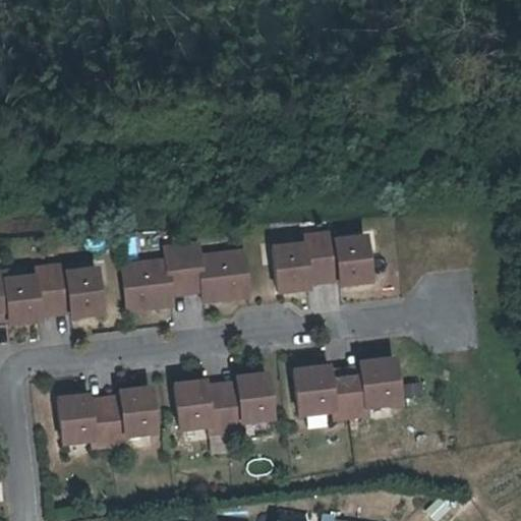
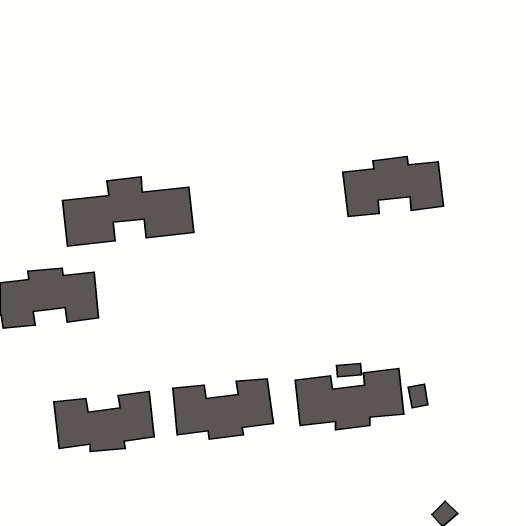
building: [275,233,373,292] -> [343,157,443,217]
building: [122,241,251,309] -> [62,177,194,246]

